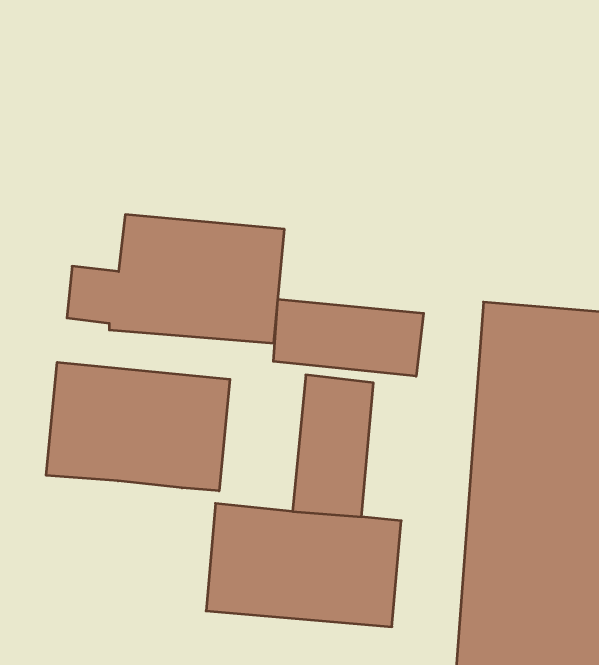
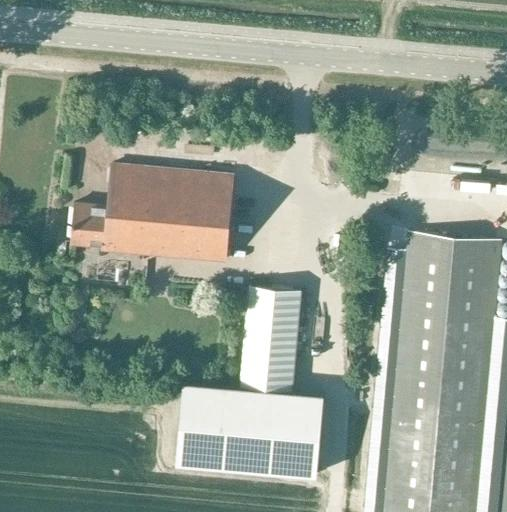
building: [273,299,424,376] -> none
building: [46,362,230,491] -> none

